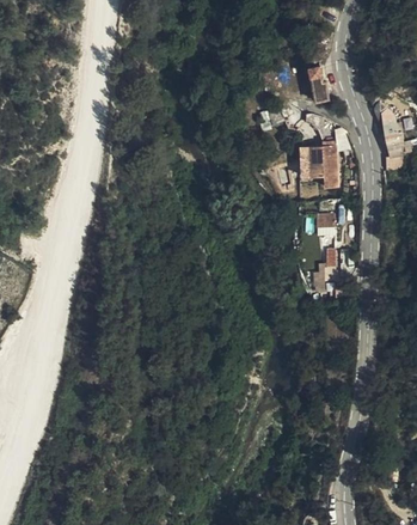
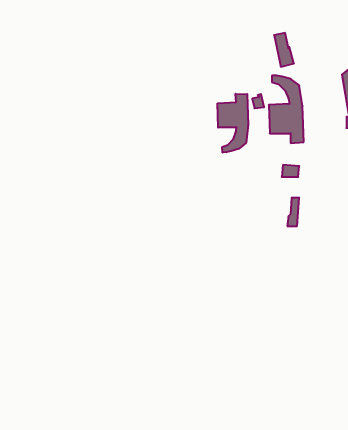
building: none -> [218,94,248,153]

